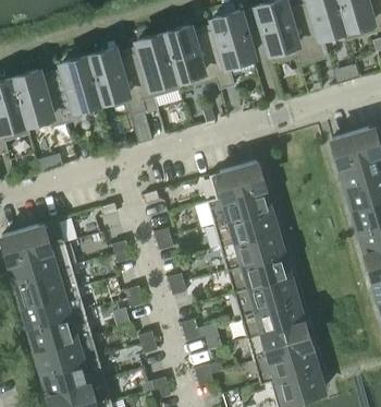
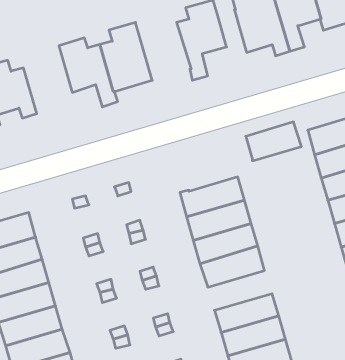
building: [163,25,218,89] -> none
building: [53,56,101,122] -> none
building: [209,160,263,199] -> [246,122,301,161]
building: [234,276,297,315] -> none

